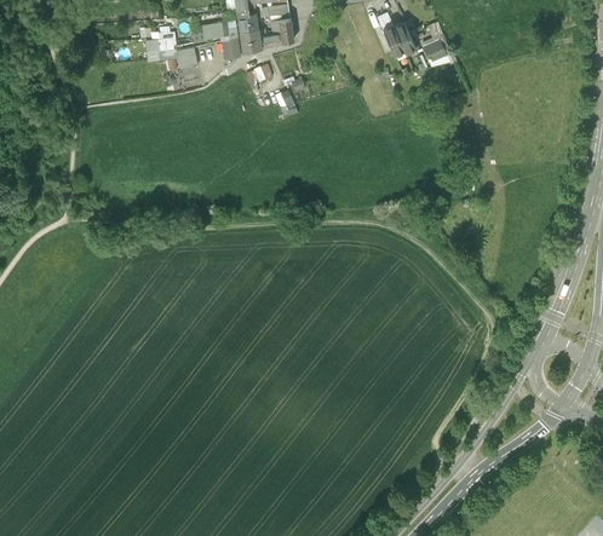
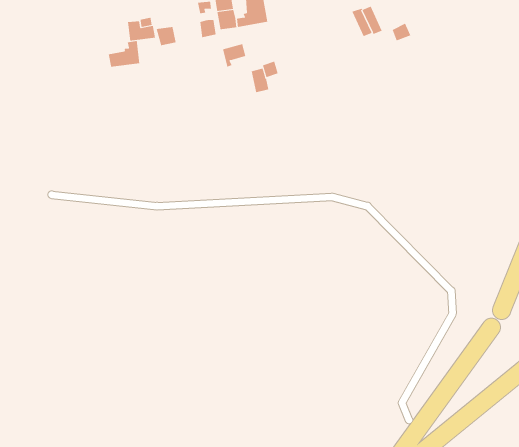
building: none -> [108,40,140,68]

